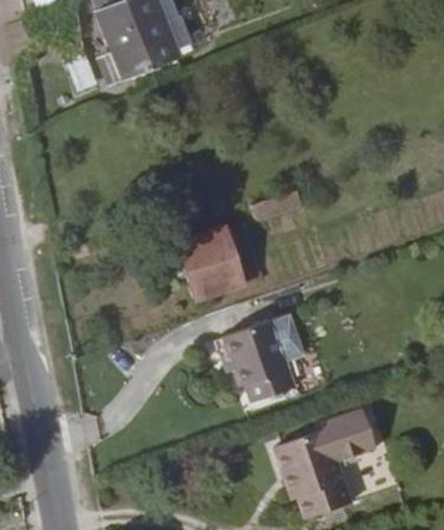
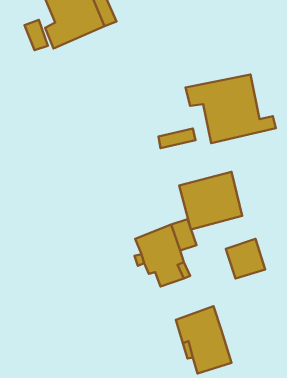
building: none -> [186,74,276,143]
building: [173,222,257,299] -> [179,172,242,229]
building: [320,409,373,462] -> [226,239,265,278]

